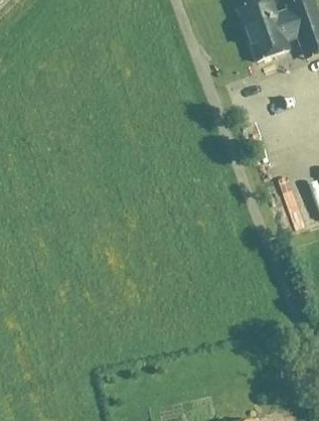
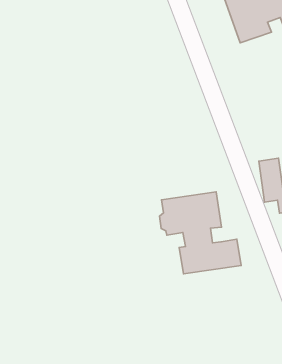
building: none -> [160,192,241,274]

